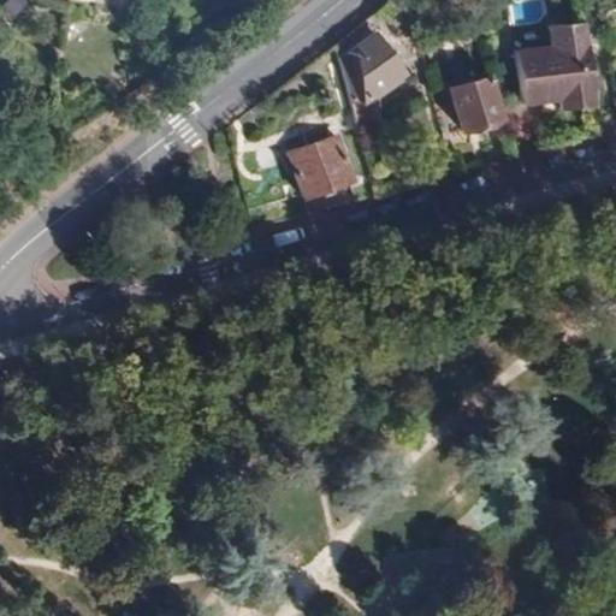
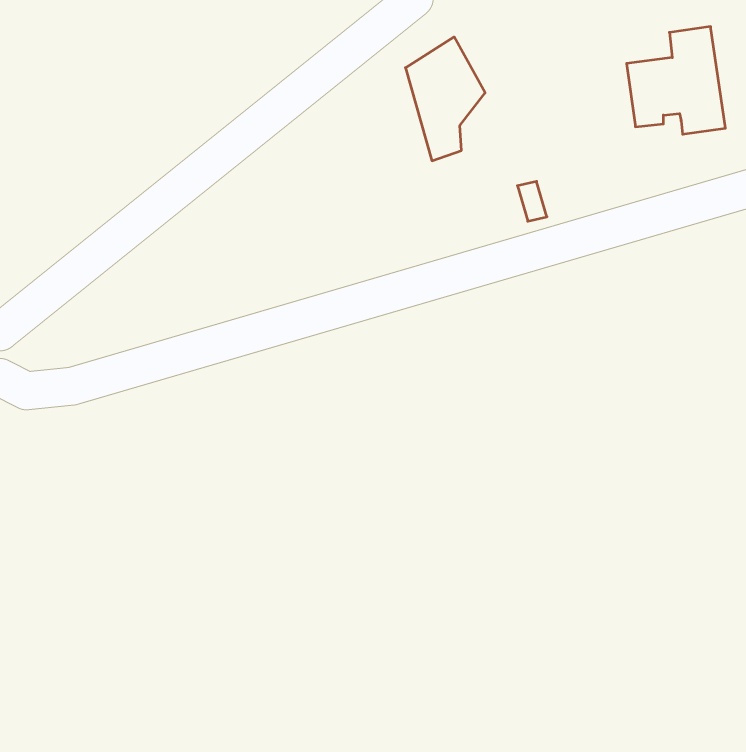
building: [448,78,507,138] -> none
building: [290,137,357,196] -> none

